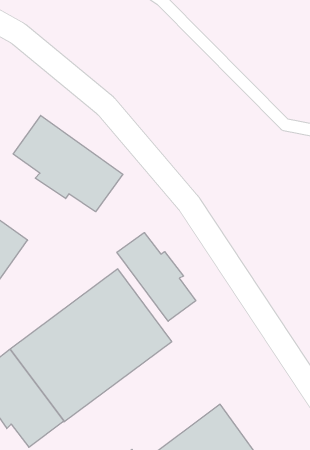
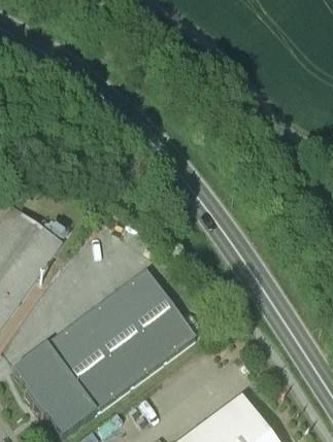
building: [13,115,123,212] -> none
building: [117,233,196,321] -> none

